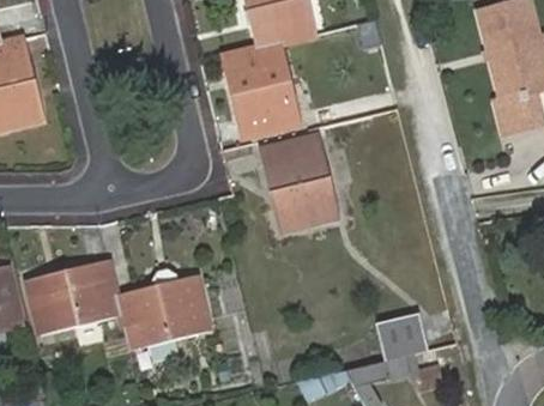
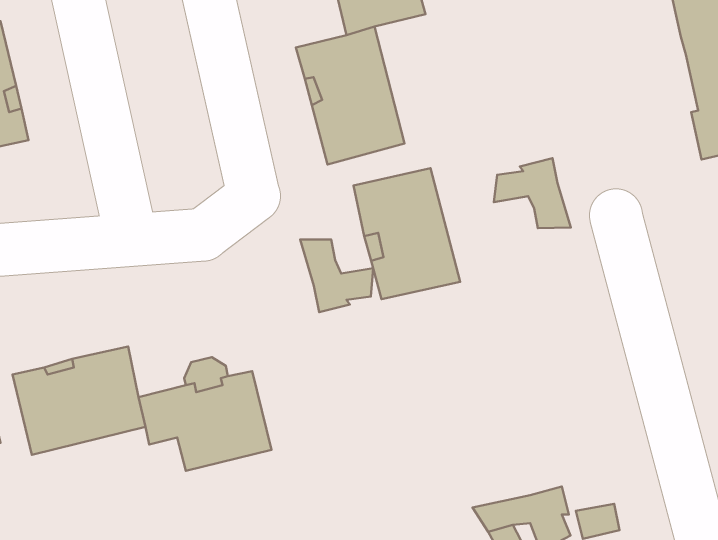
building: none -> [494,158,571,228]
building: none -> [300,239,373,312]
building: [375,313,428,362] -> none

